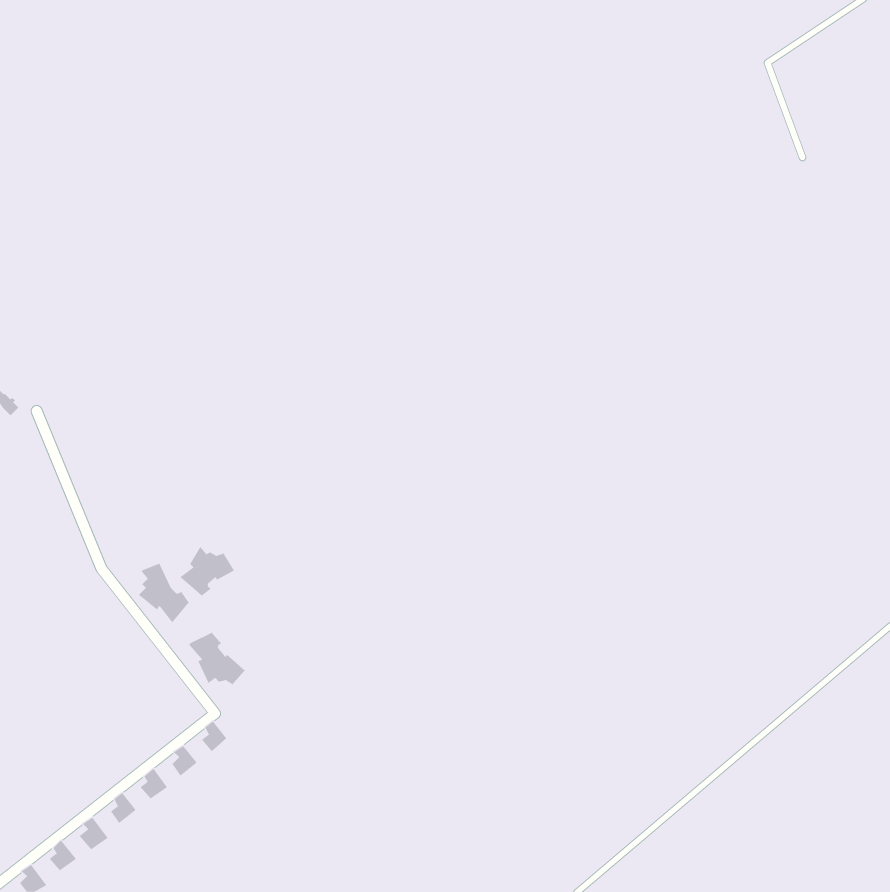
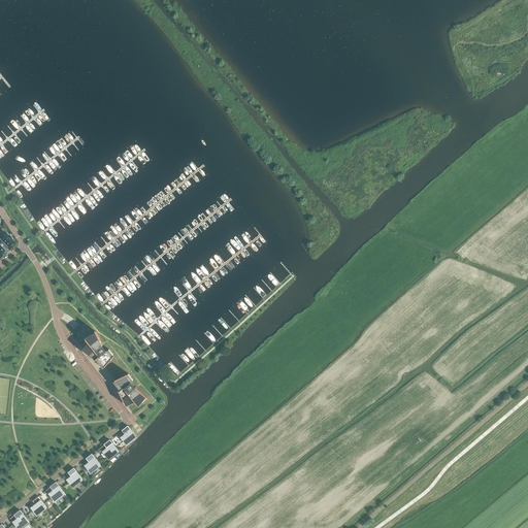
building: [180,546,236,597] -> none

